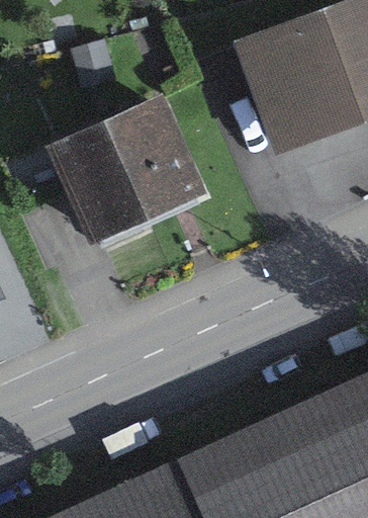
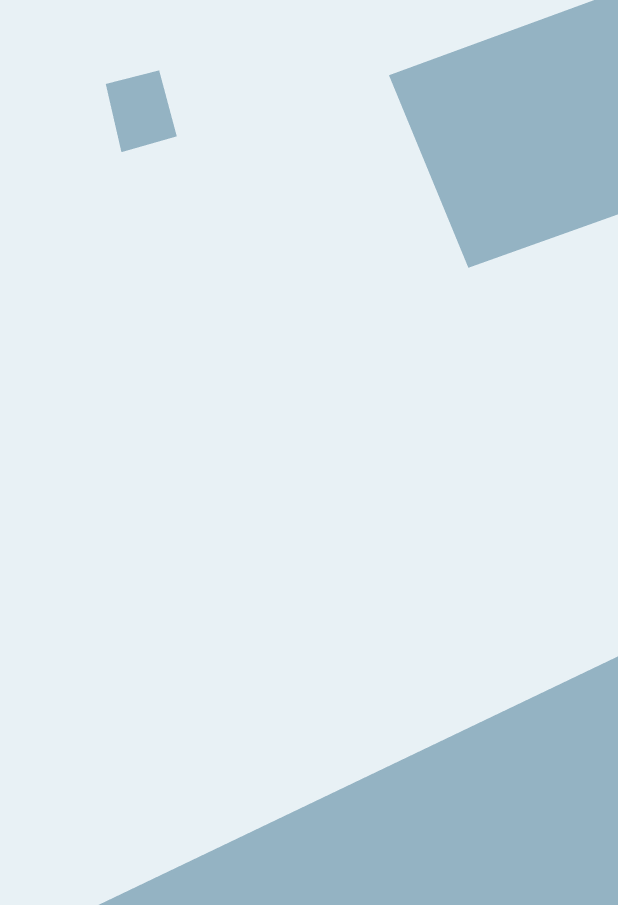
building: [44,95,211,245] -> none

